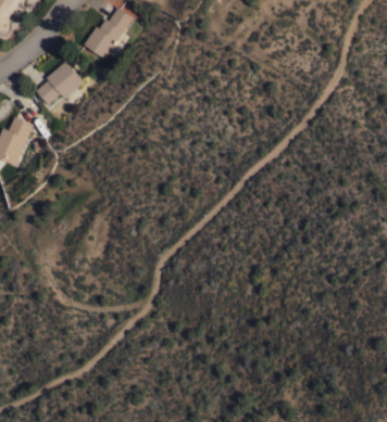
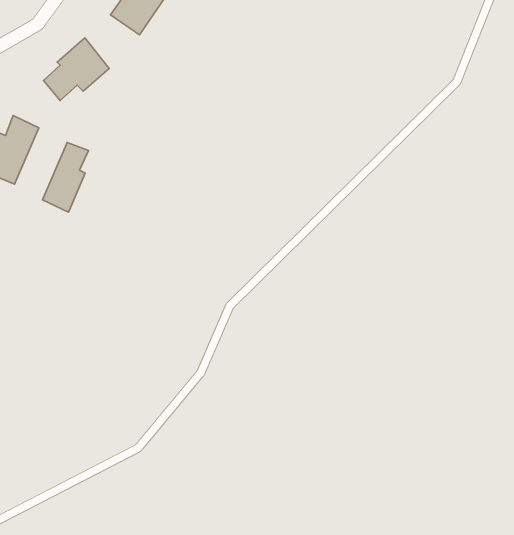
building: none -> [42,142,89,212]

